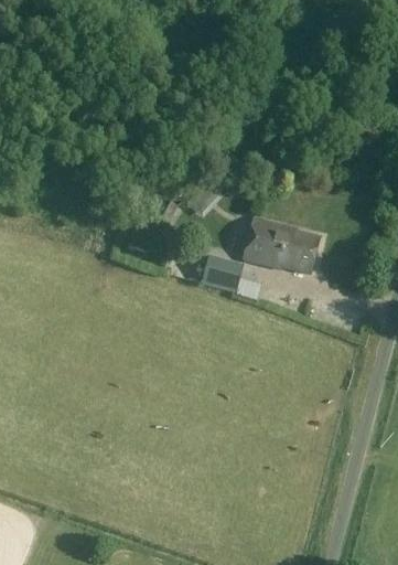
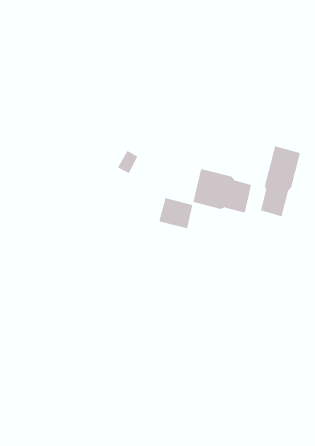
building: none -> [261,145,300,217]

